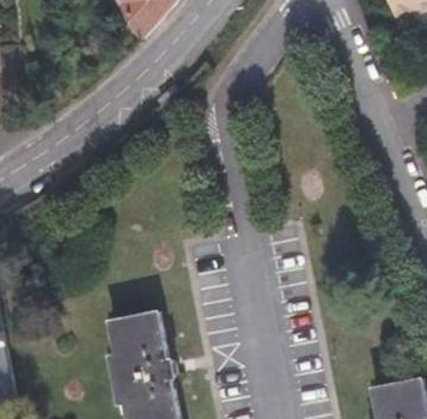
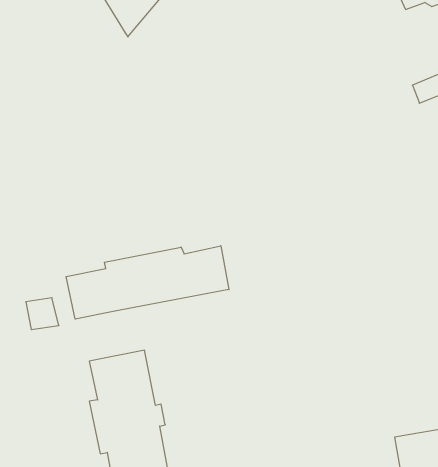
building: none -> [66,246,229,319]

